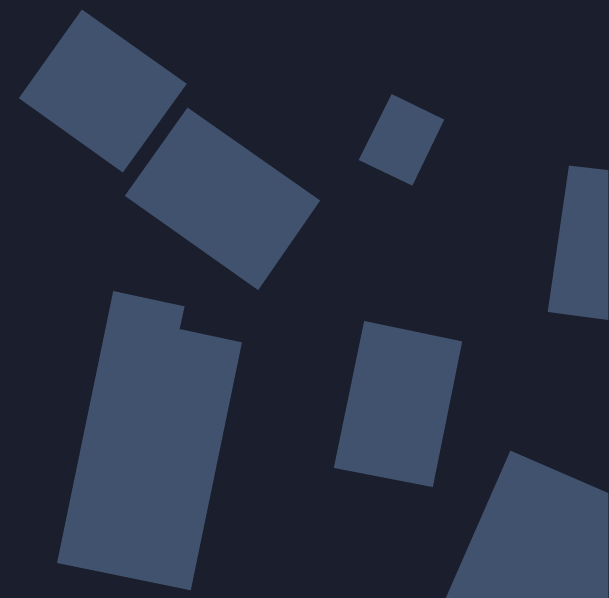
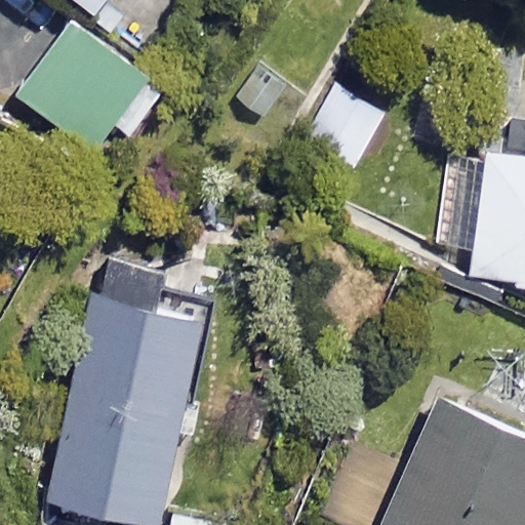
building: [124,107,321,291] -> none
building: [333,320,463,488] -> none

